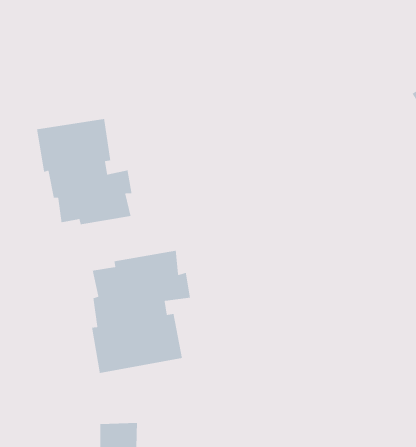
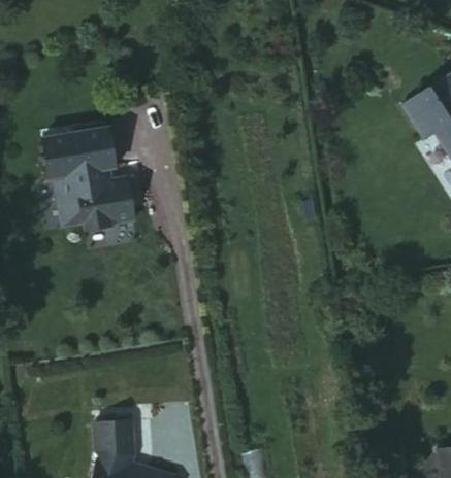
building: [91,250,191,374] -> none

